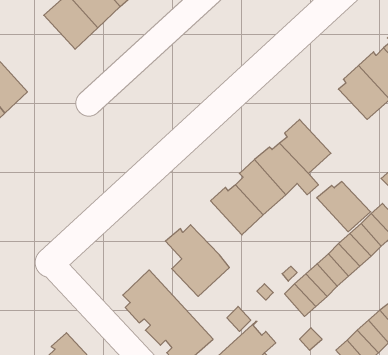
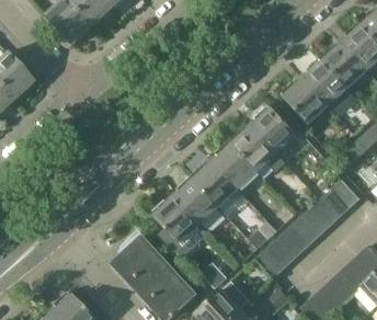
building: [317,182,371,232] -> [281,79,328,123]
building: none -> [173,176,218,224]

